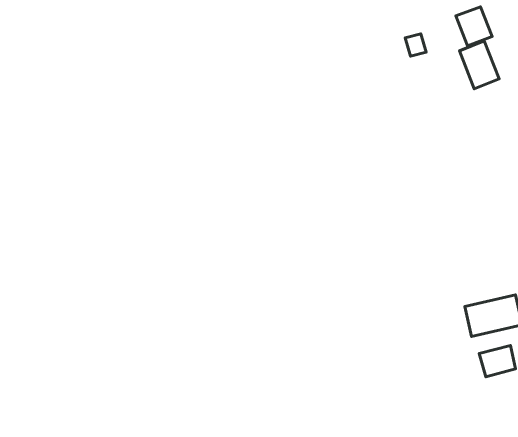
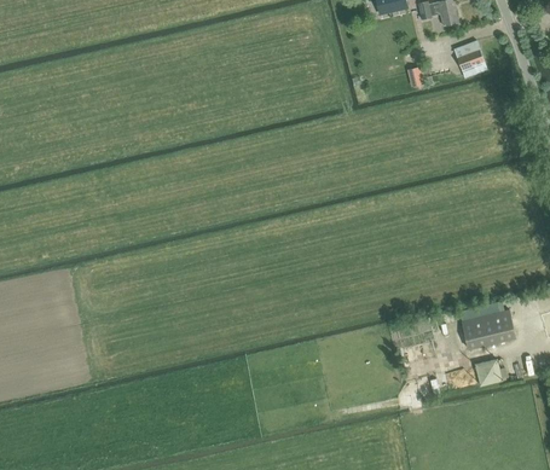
building: [459,41,499,89] -> none

